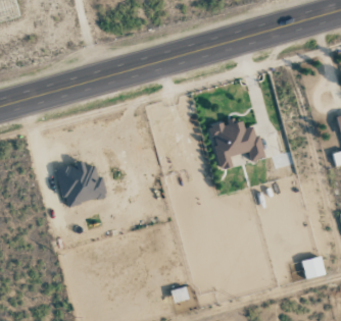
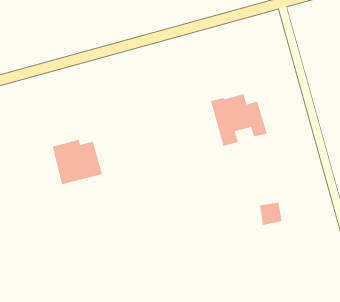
building: [302,257,325,279] -> [259,202,282,225]

